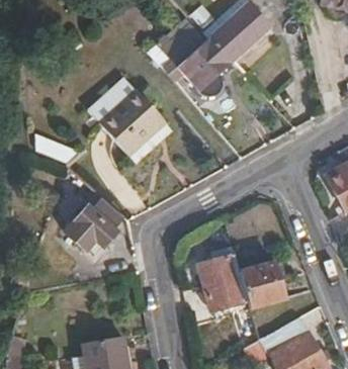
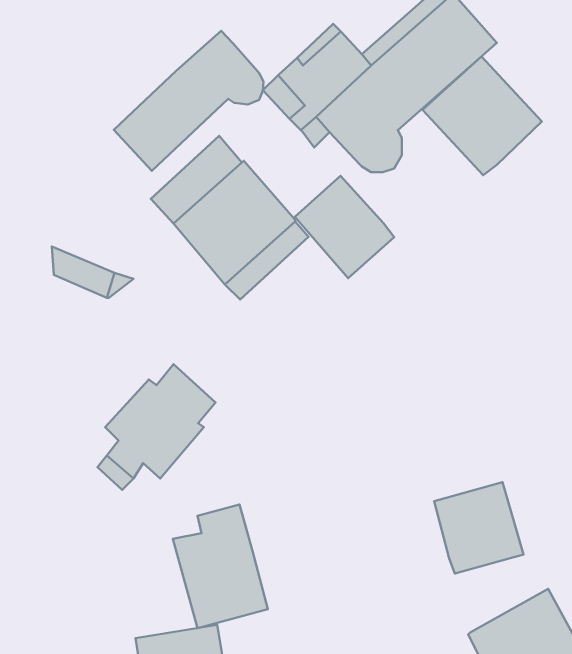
building: none -> [114,31,263,171]
building: none -> [422,56,542,175]
building: none -> [295,176,394,278]
building: [197,246,248,311] -> [173,505,268,628]

